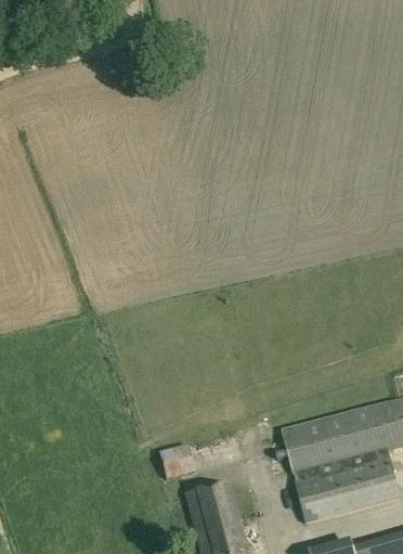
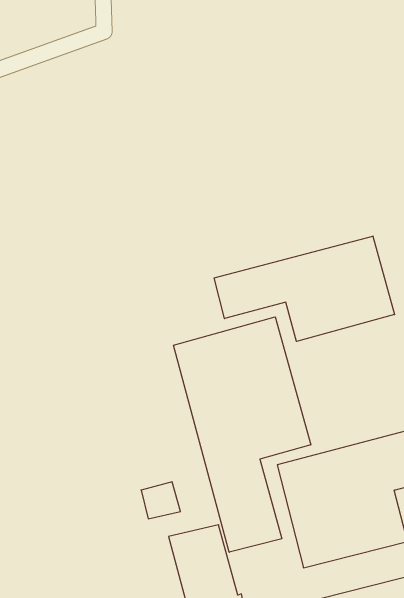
building: none -> [214,236,395,341]
building: none -> [174,317,311,552]

